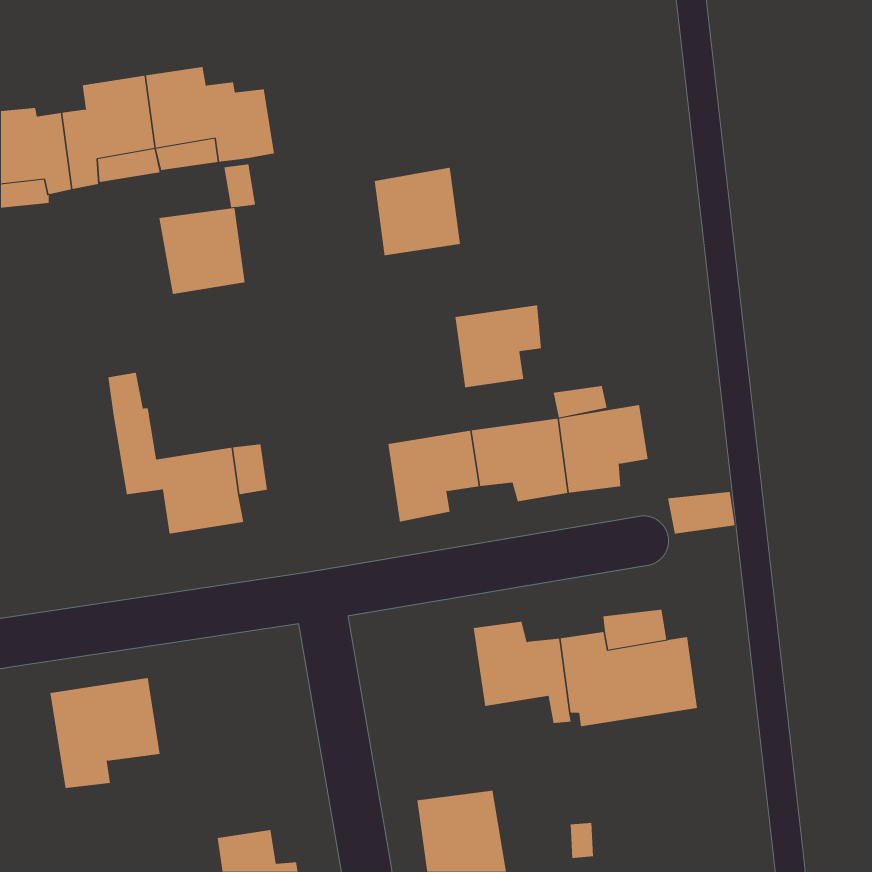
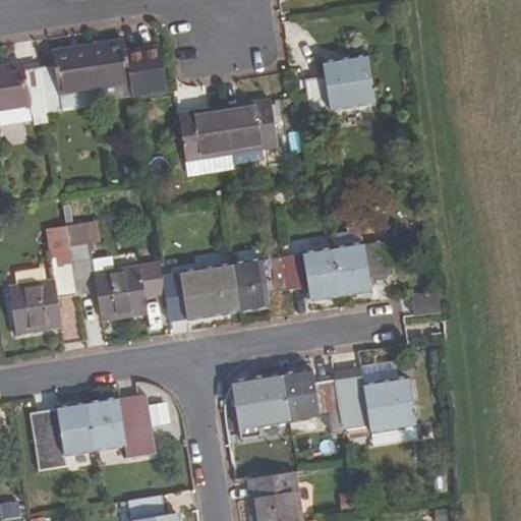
building: none -> [303,56,373,112]
building: [158,208,245,295] -> [177,108,229,160]
building: [455,305,542,388] -> none
building: none -> [10,246,75,332]
building: none -> [179,265,238,319]
building: none -> [234,374,289,428]
building: none -> [89,396,156,459]

